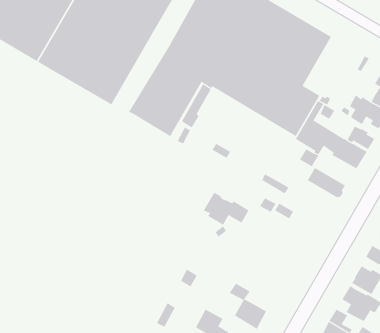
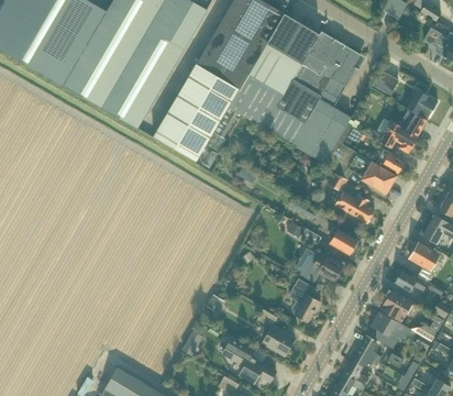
building: [203,192,249,226] -> [295,250,342,284]
building: none -> [329,226,357,254]
building: none -> [289,279,321,322]

